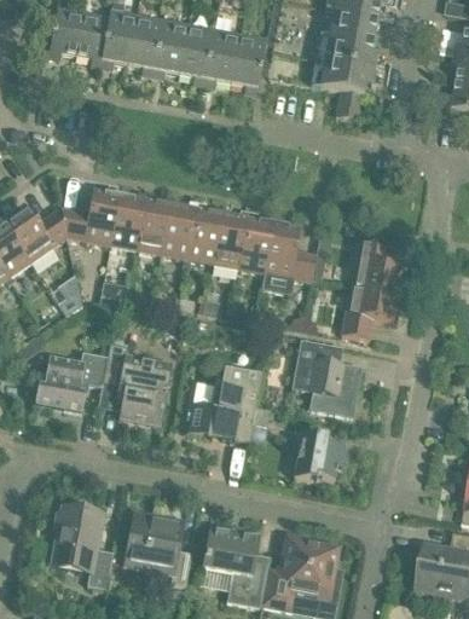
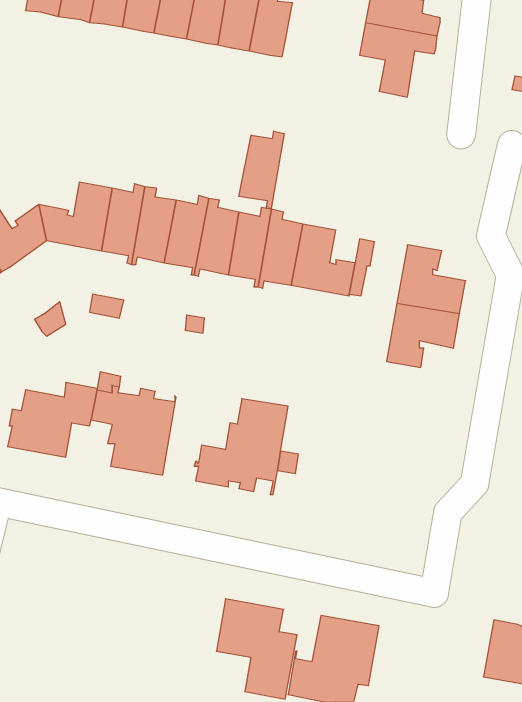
building: none -> [239,131,284,209]
building: [293,340,360,415] -> none
building: [293,430,346,481] -> none
building: [52,508,112,588] -> none
building: [123,511,191,585] -> none

